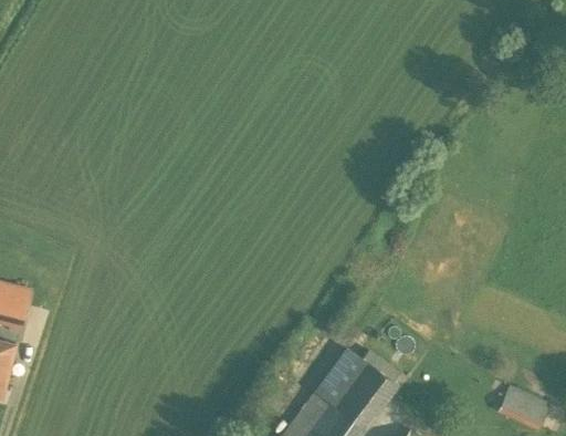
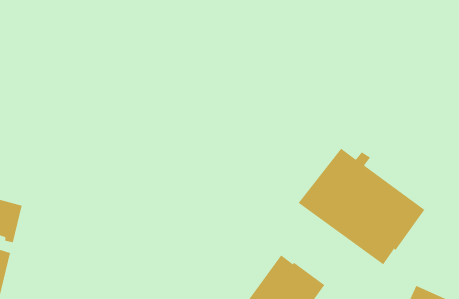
building: none -> [298,148,425,265]

